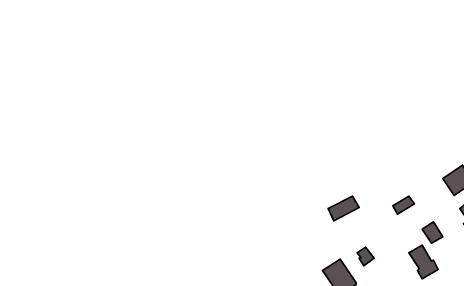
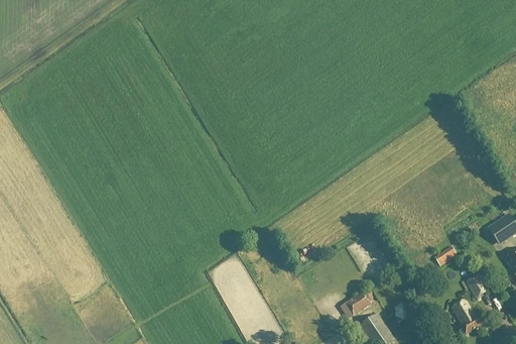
building: [328,196,359,221] -> [343,292,376,318]

